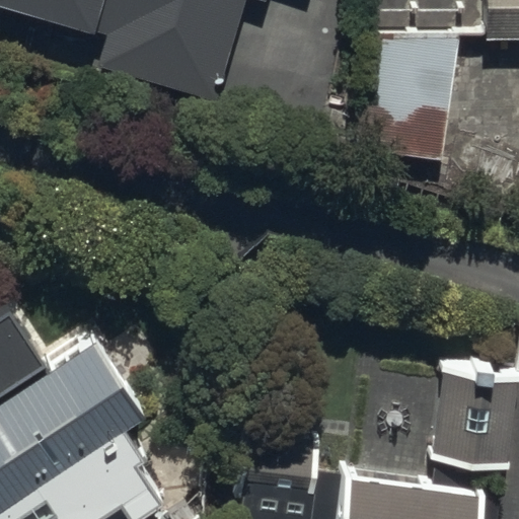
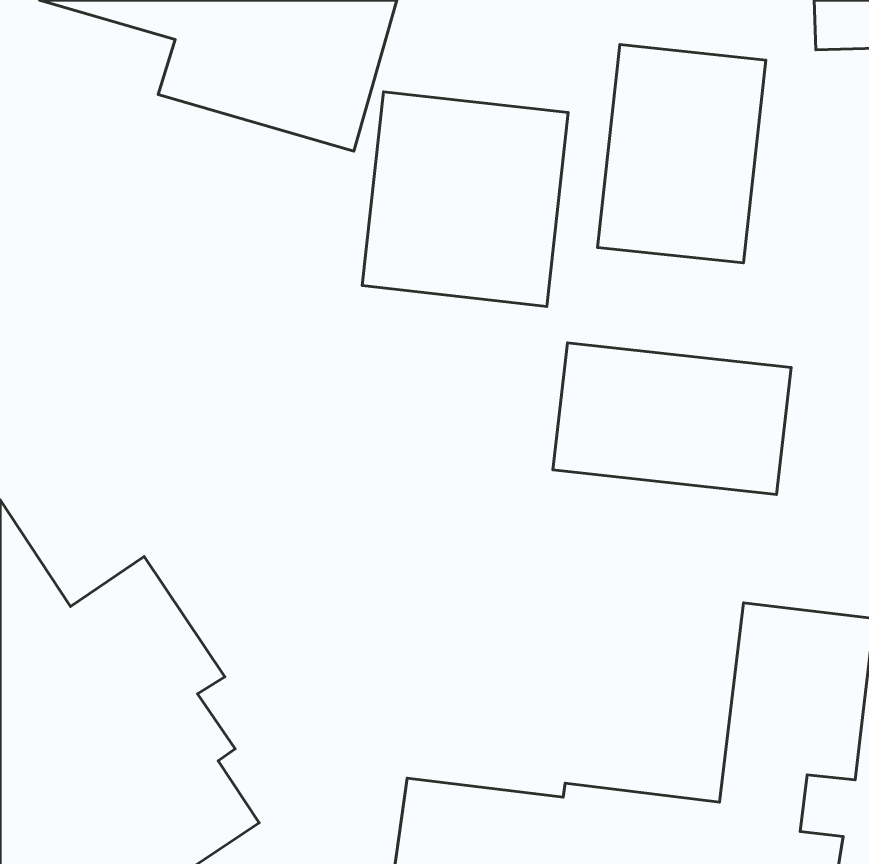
building: none -> [362,92,568,306]
building: none -> [553,343,791,494]

